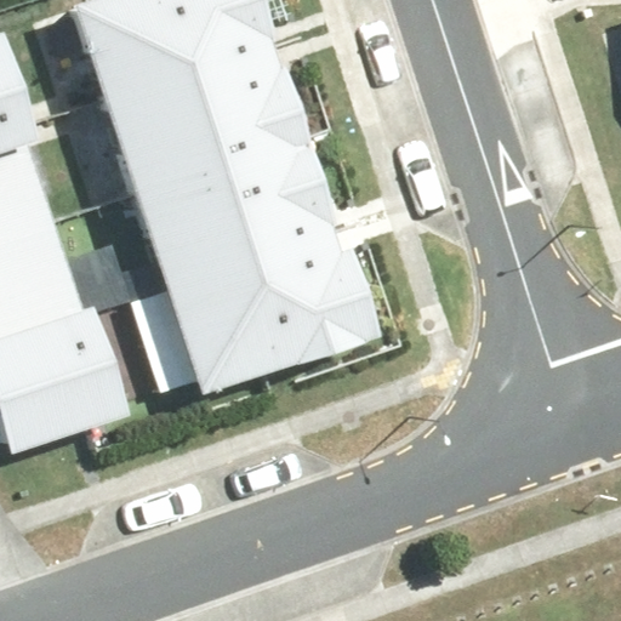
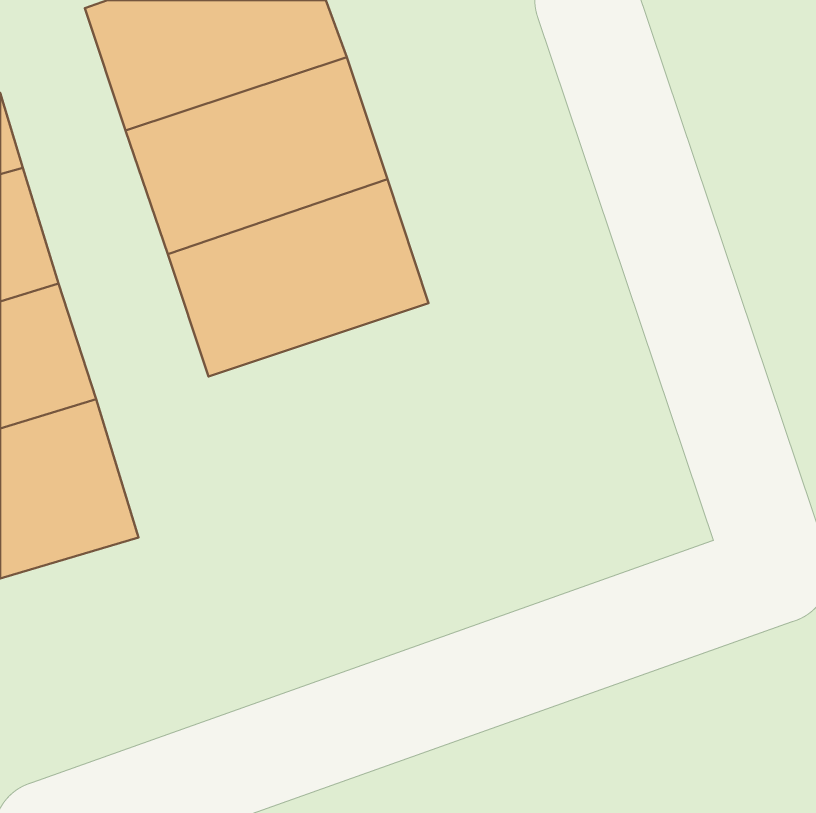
building: [167,240,363,387] -> none

